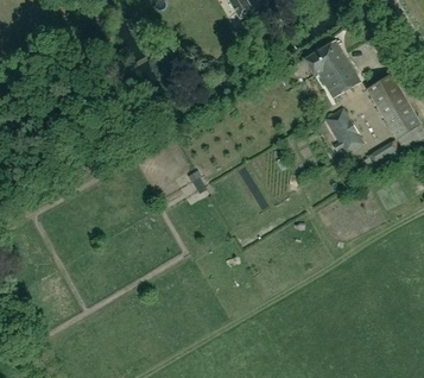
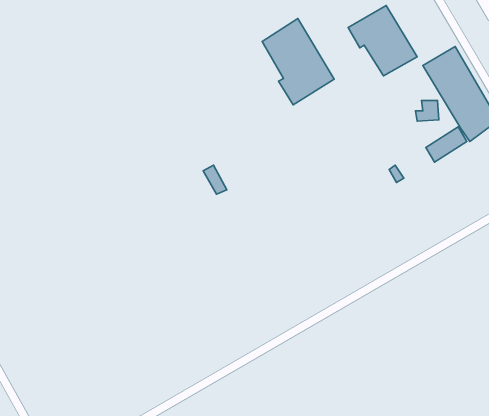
building: none -> [262,19,334,105]
building: [324,108,365,156] -> none

